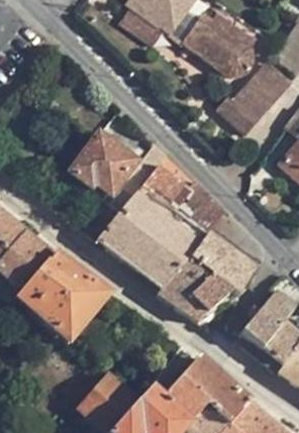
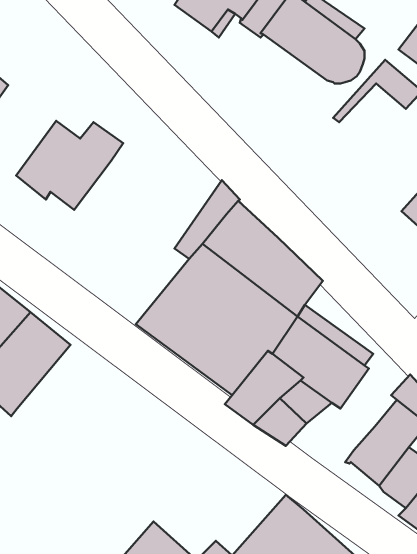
building: [216,76,281,132] -> none
building: [71,134,143,195] -> [16,121,123,210]
building: [16,253,108,342] -> none

